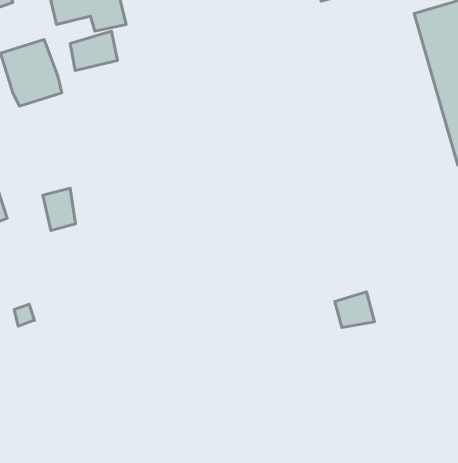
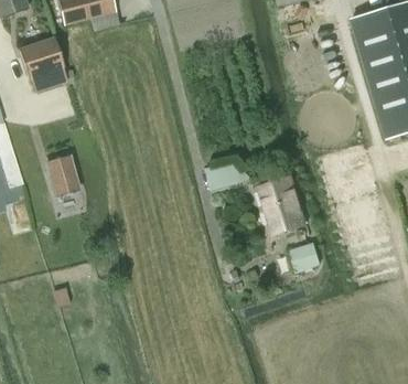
building: [70,31,118,70] -> none
building: none -> [260,178,302,232]

